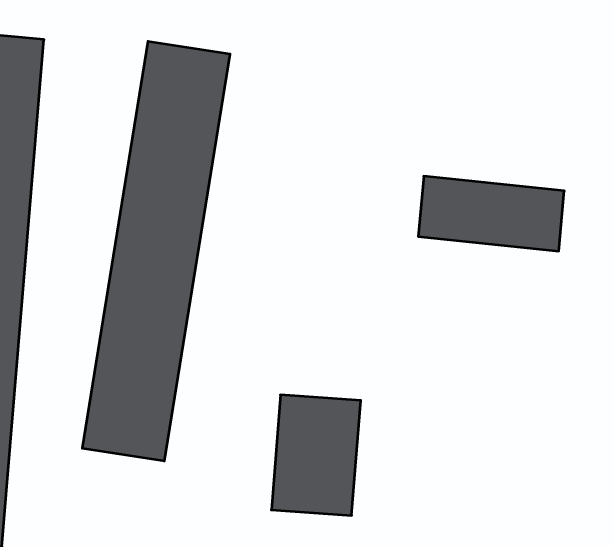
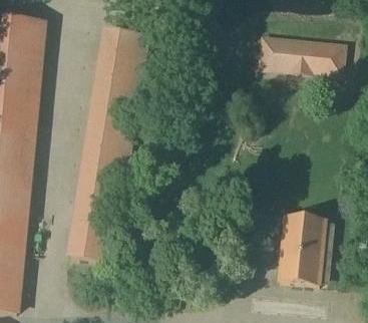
building: [418,176,564,251] -> [260,36,340,77]
building: [271,395,361,515] -> [282,217,331,283]

